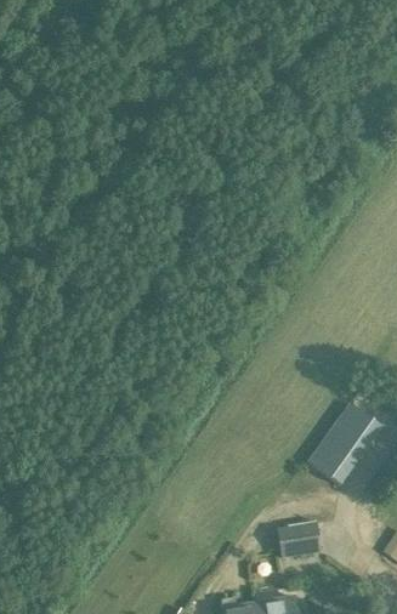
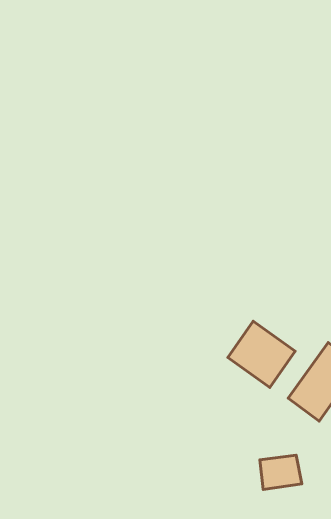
building: none -> [228,321,295,388]

